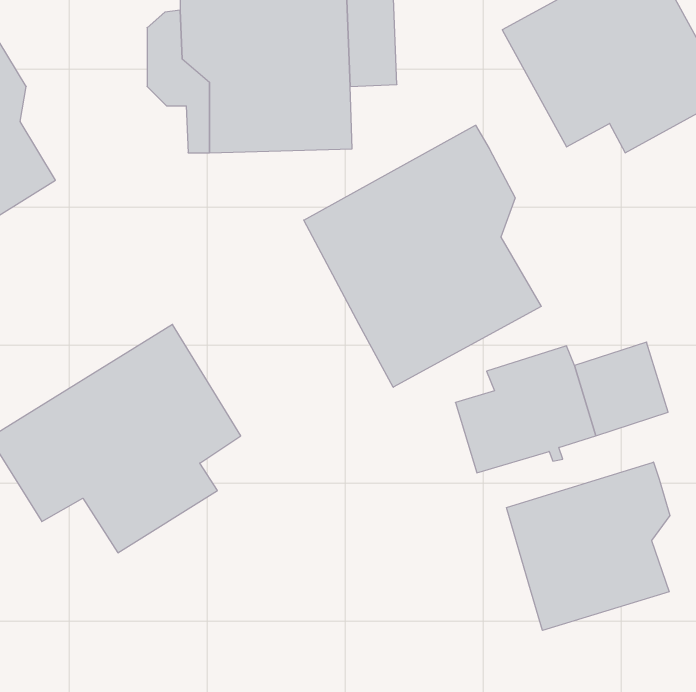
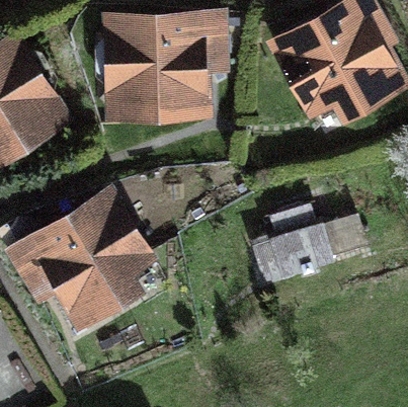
building: [304,125,541,387] -> none
building: [506,462,670,630] -> none

